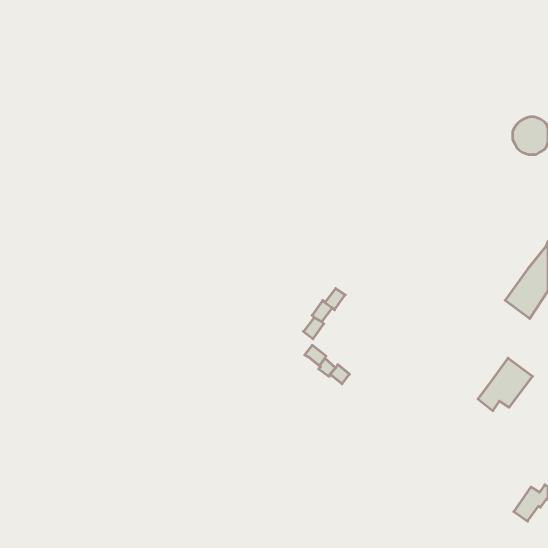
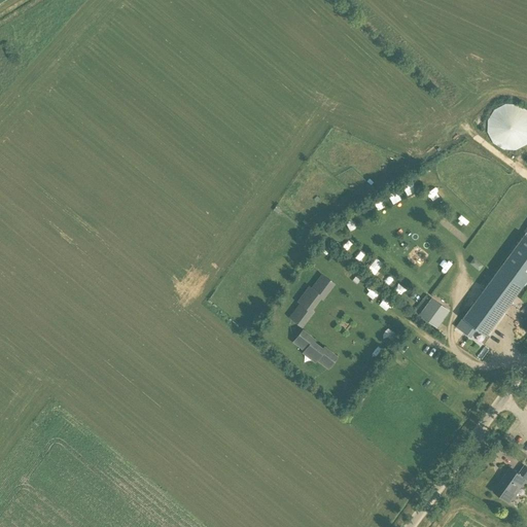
building: none -> [421,300,449,328]
building: [478,358,533,411] -> [456,288,508,339]

